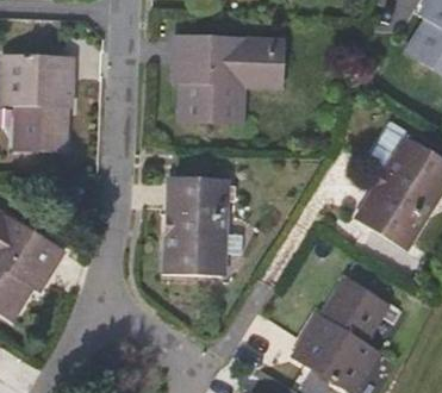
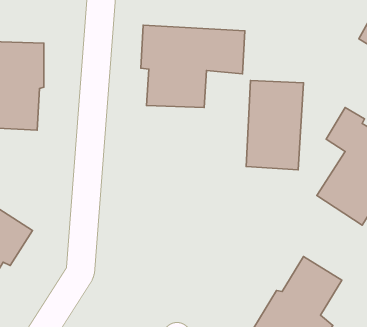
building: [170,176,231,270] -> [246,81,304,170]

